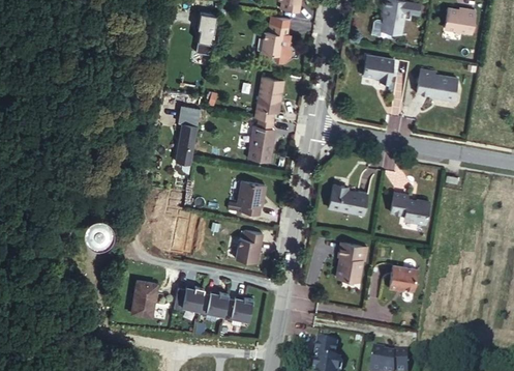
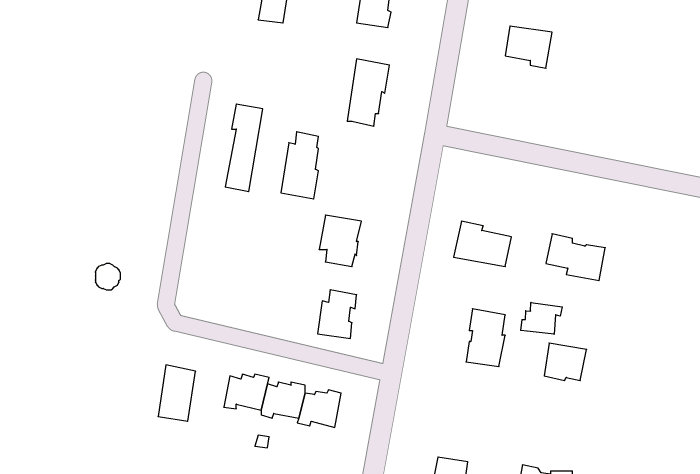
building: [414,69,455,101] -> none
building: [249,118,274,163] -> [281,132,318,199]
building: none -> [521,302,562,334]

